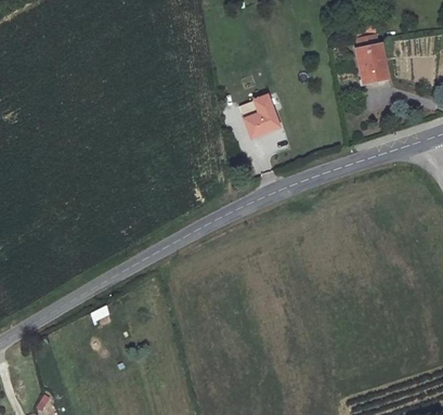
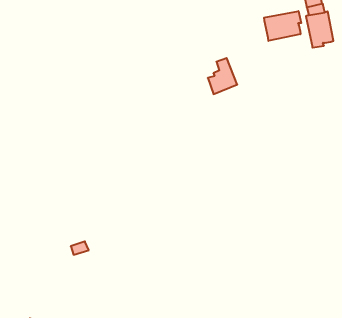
building: none -> [264,11,301,41]

